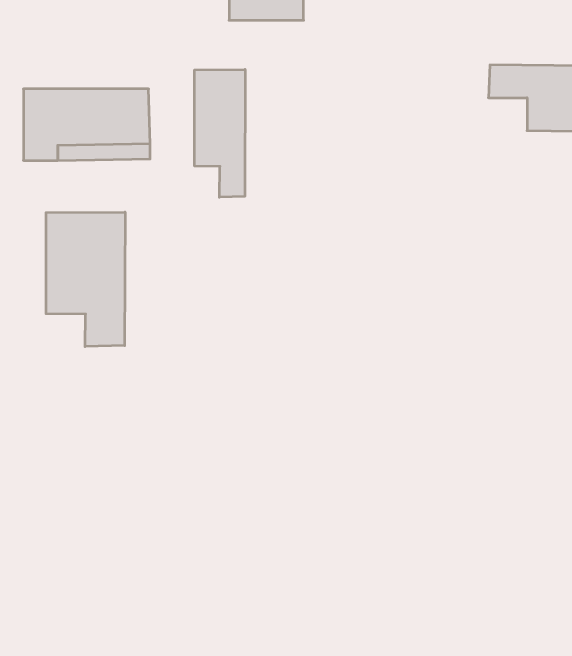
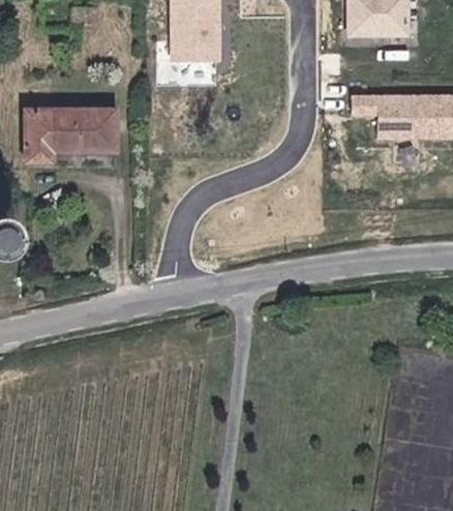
building: [195,69,245,197] -> none
building: [46,212,125,347] -> none

